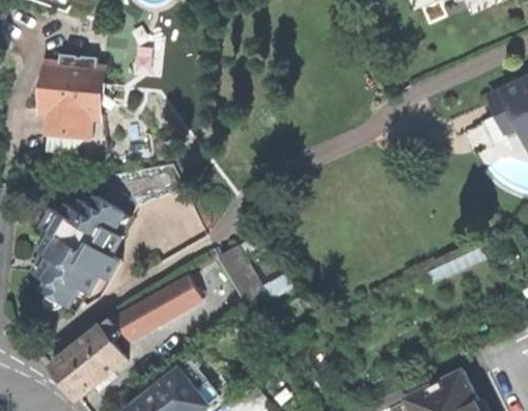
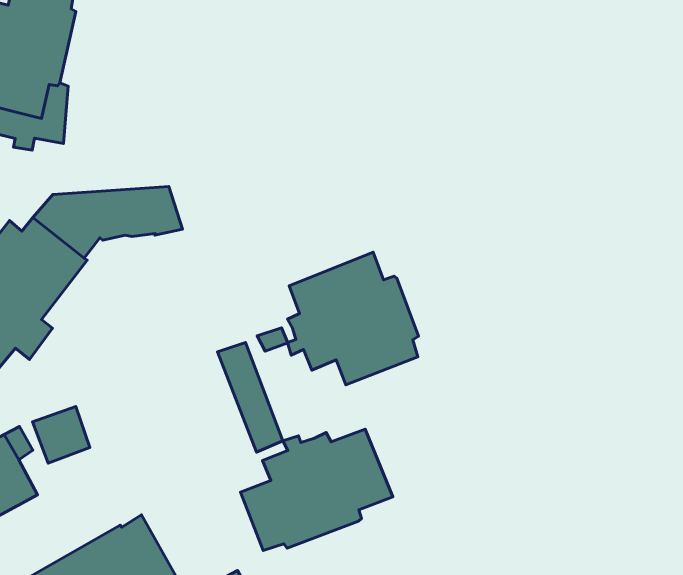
building: none -> [288,252,419,385]
building: [139,275,201,326] -> none
building: none -> [240,429,393,550]

